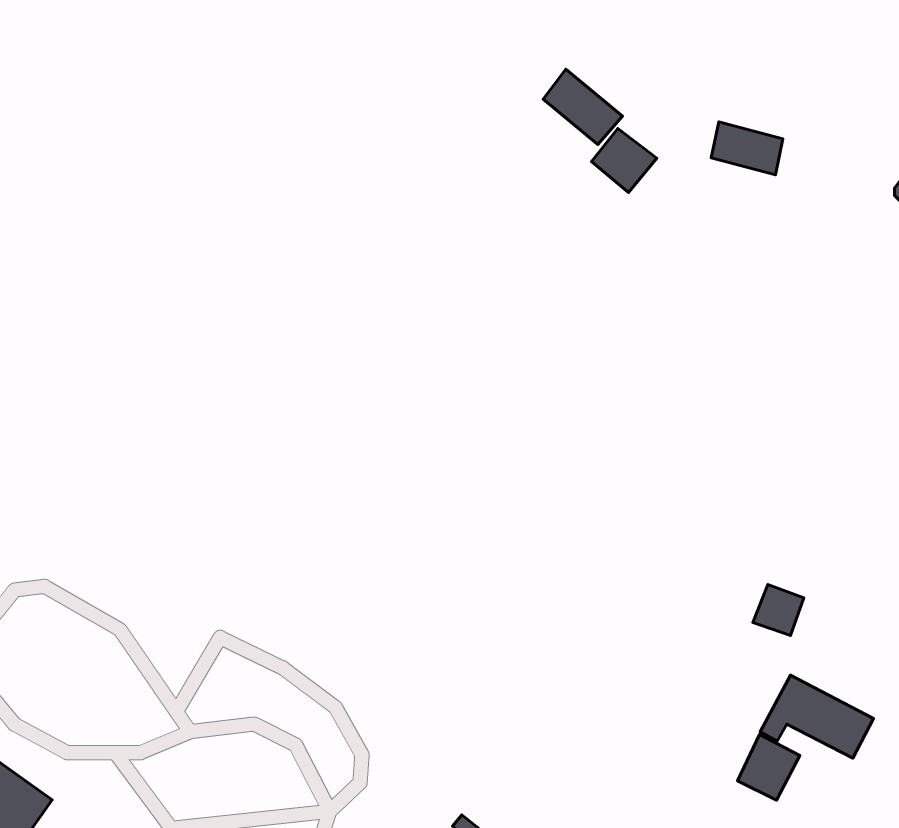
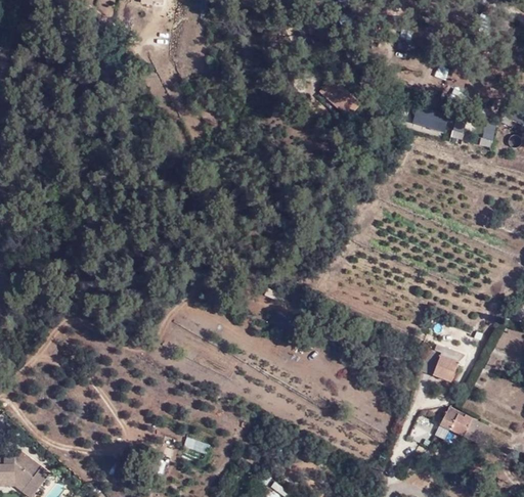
building: [591,128,657,192] -> none
building: [737,734,800,800] -> none

